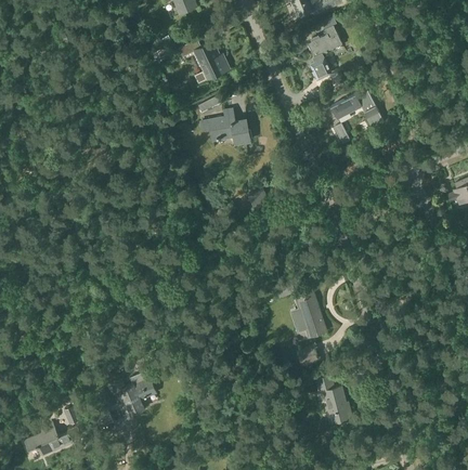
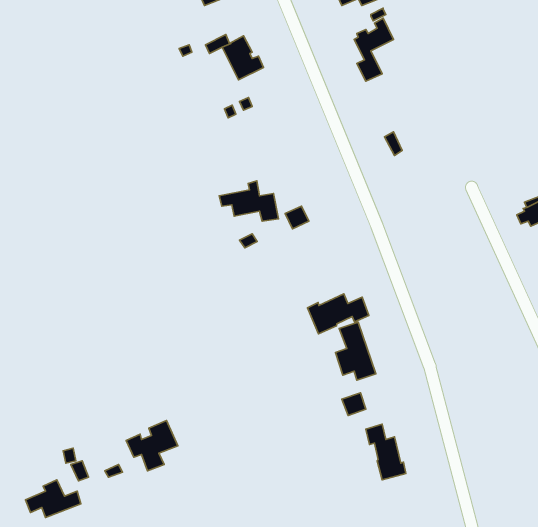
building: [332,89,384,129] -> none
building: [199,109,250,144] -> [219,181,278,221]
building: none -> [308,294,369,334]

